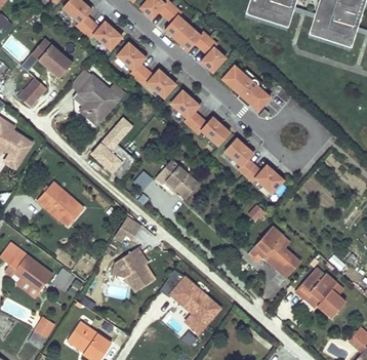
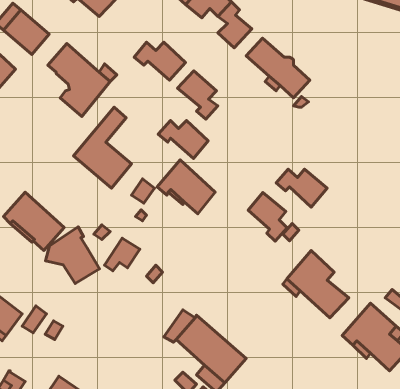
building: [117,41,147,79] -> none
building: [192,116,230,145] -> [158,121,208,158]
building: [225,137,254,174] -> [248,193,287,241]
building: [113,247,154,290] -> [46,227,100,284]

